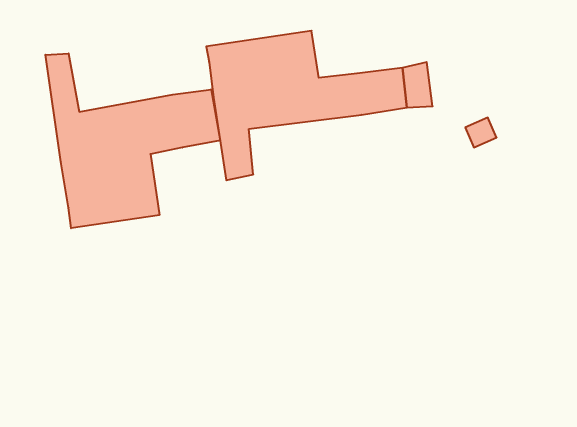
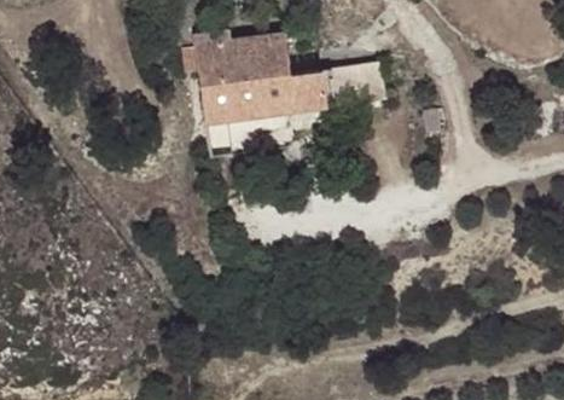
building: [45,53,220,228] -> none

